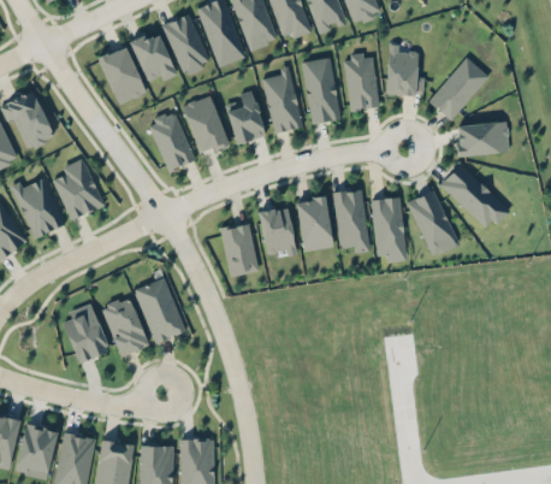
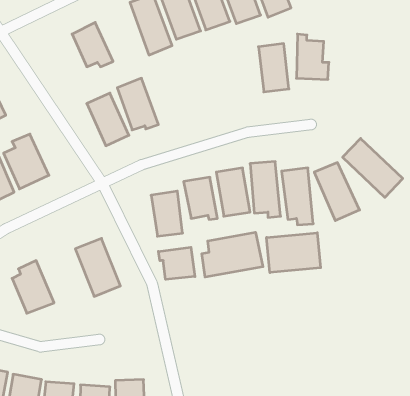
building: [161,13,211,75] -> none
building: [97,46,146,105] -> none
building: [301,57,339,124] -> none
building: [427,57,488,120] -> none
building: [260,70,303,134] -> none
building: [224,90,265,144] -> none
building: [456,122,508,155] -> none
building: none -> [202,232,263,277]
building: none -> [267,233,321,273]
building: none -> [158,247,195,279]
building: [101,296,148,356] -> none

